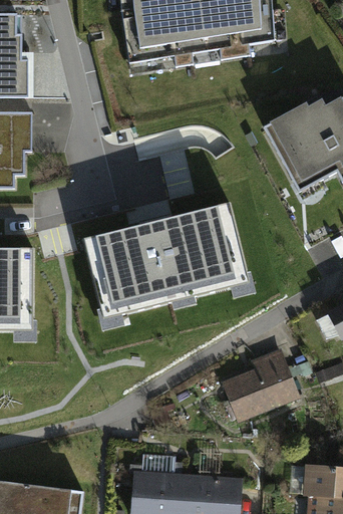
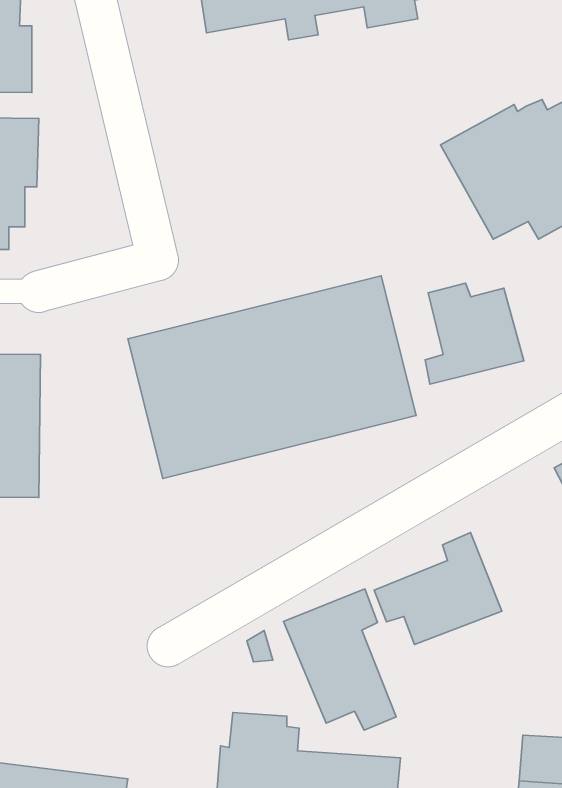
building: none -> [425,283,524,384]
building: none -> [284,589,396,730]

